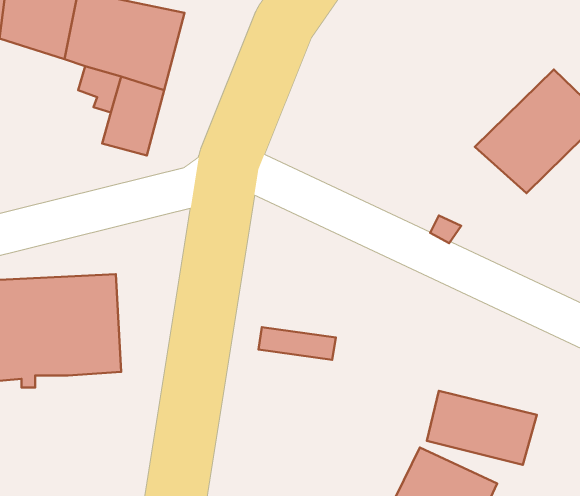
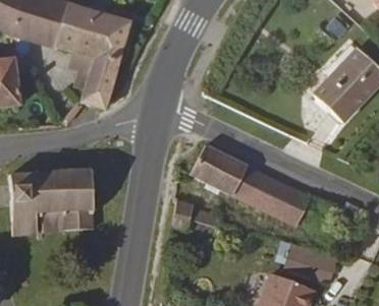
building: none -> [185,148,309,226]

